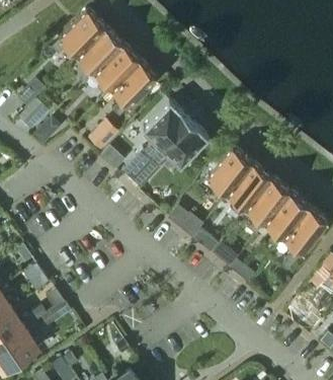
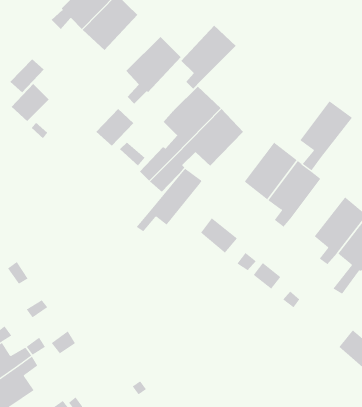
building: [94,44,140,96] -> [181,25,237,89]
building: none -> [136,168,202,232]
building: [246,177,289,235] -> [299,100,353,171]

